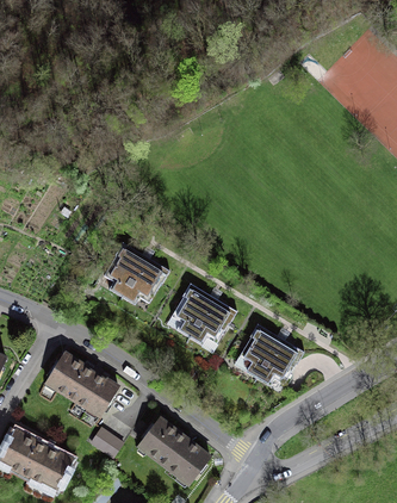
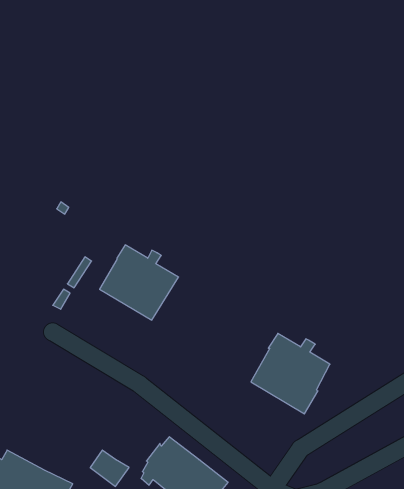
building: [167,281,238,352] -> none
building: [44,348,120,421] -> none

